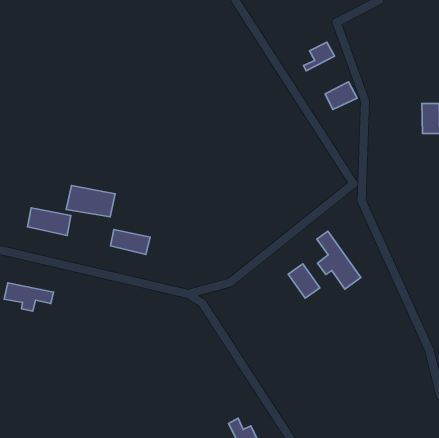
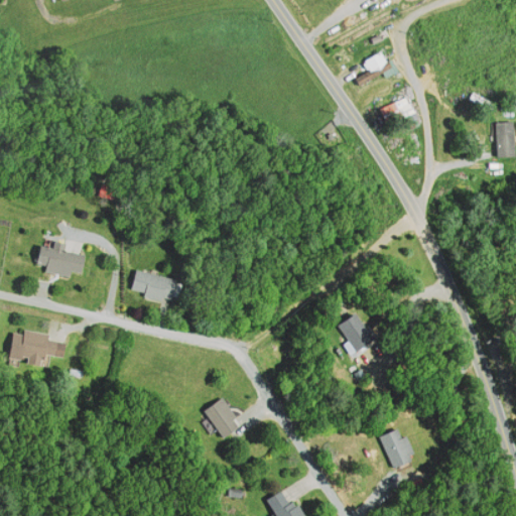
building: [66,185,115,217] -> none
building: [317,231,361,289] -> none
building: none -> [206,398,239,434]
building: none -> [380,426,414,467]

